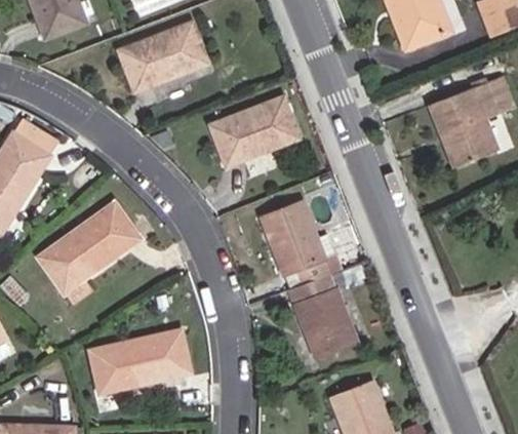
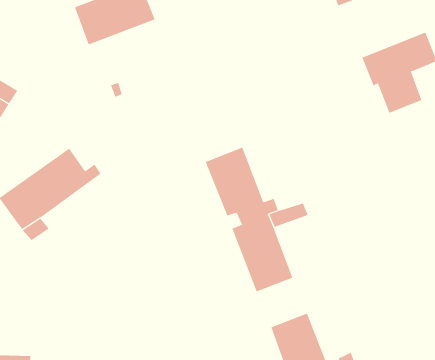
building: [210,98,297,165] -> none
building: [89,330,190,391] -> none

